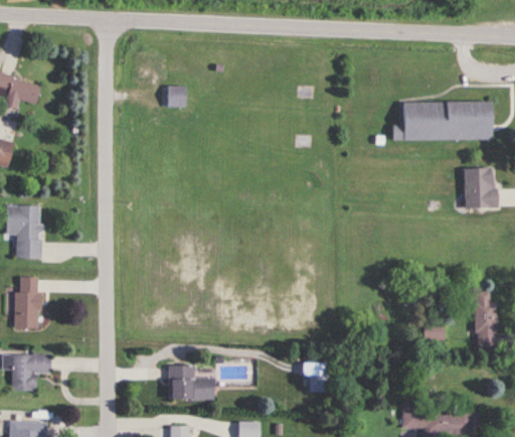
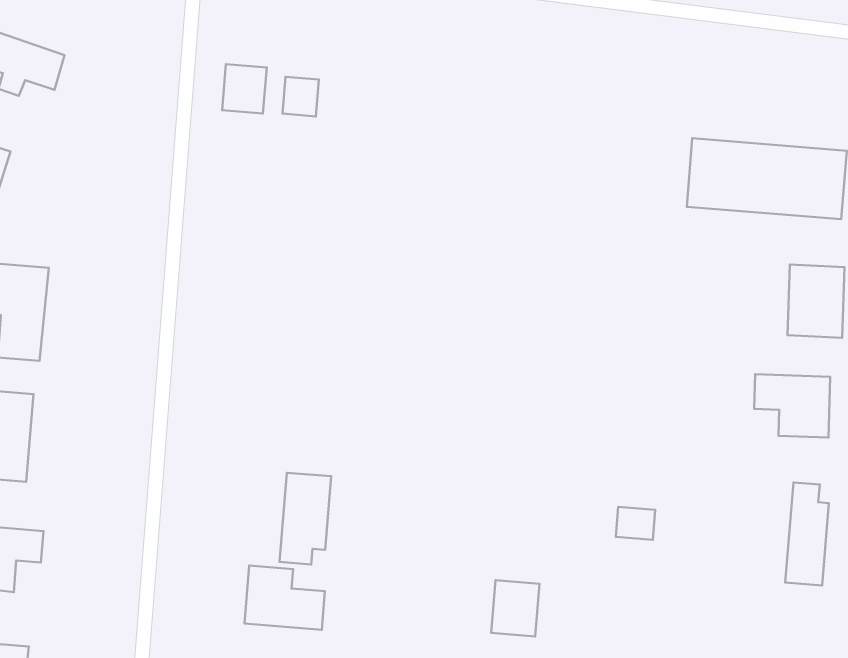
building: none -> [222,64,267,114]
building: none -> [754,374,830,438]
building: none -> [280,473,331,564]
building: [423,323,445,340] -> [616,507,655,540]

